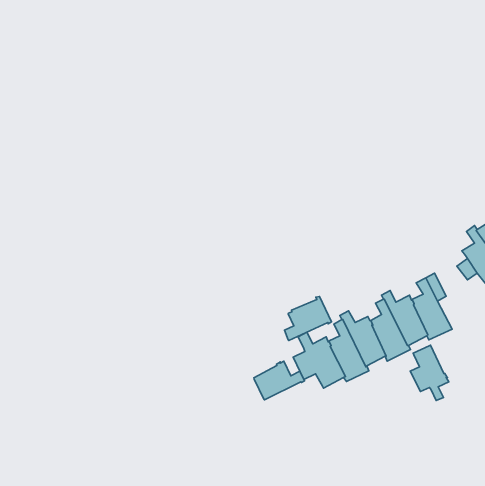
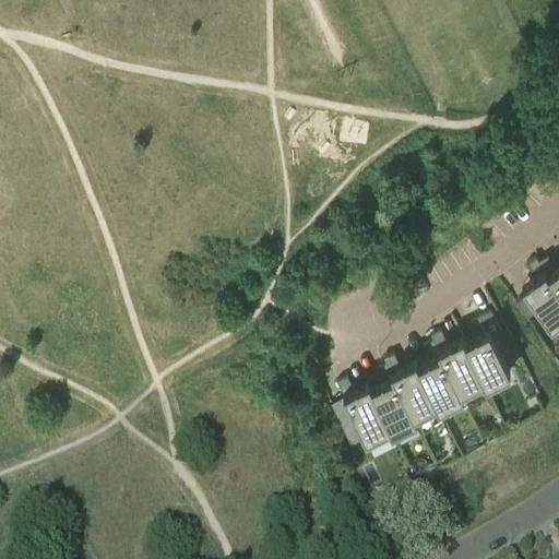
building: [284,297,332,340] -> none
building: [410,345,449,401] -> none
building: [254,361,304,400] -> none

